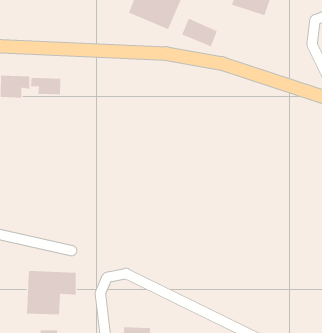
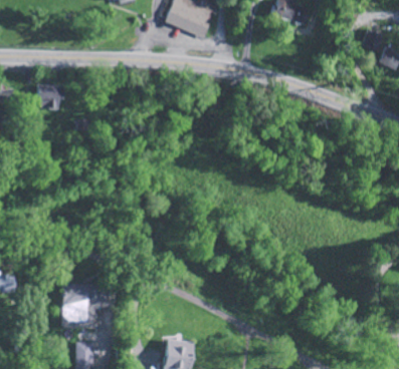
building: [181,18,217,47] -> none
building: [31,77,61,95] -> none

